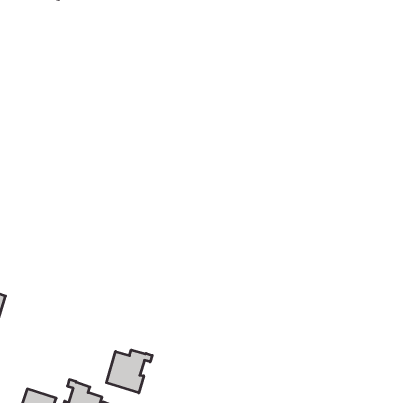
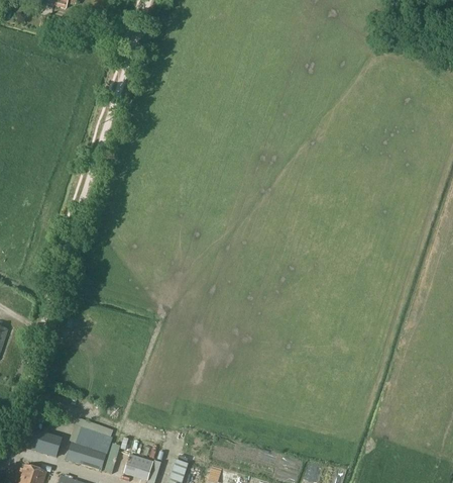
building: [106,350,152,393] -> none

